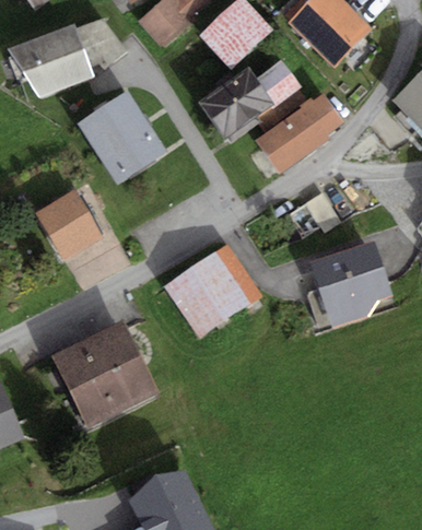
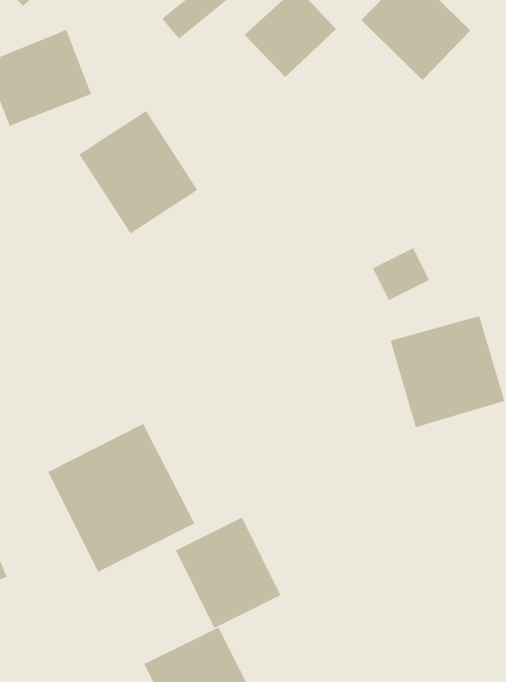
building: [190,61,296,141] -> none
building: [256,95,343,172] -> none
building: [42,196,102,260] -> none
building: [167,243,263,337] -> none
building: none -> [175,517,281,629]

